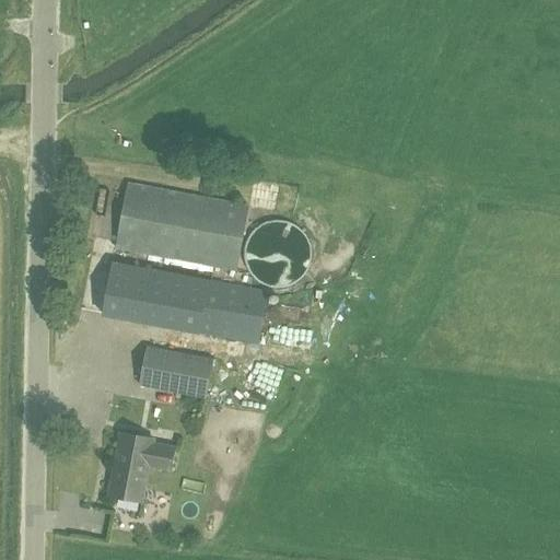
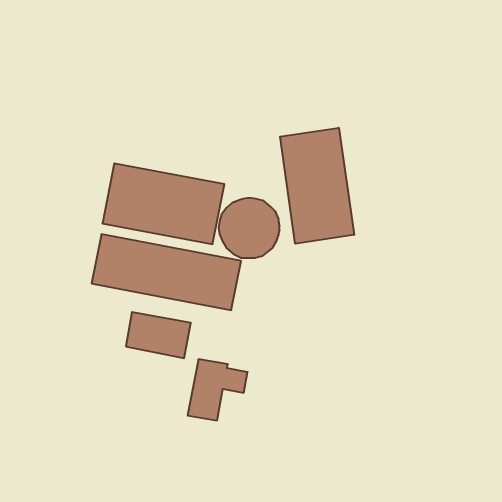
building: none -> [280,128,354,244]
building: [108,433,175,501] -> [188,359,248,420]

